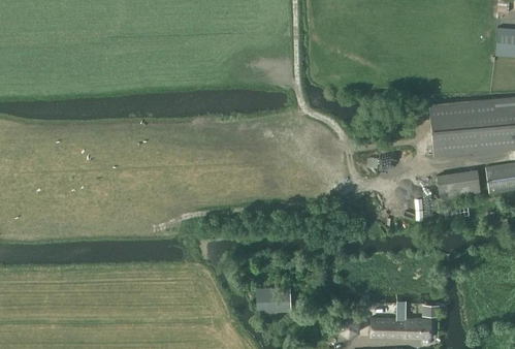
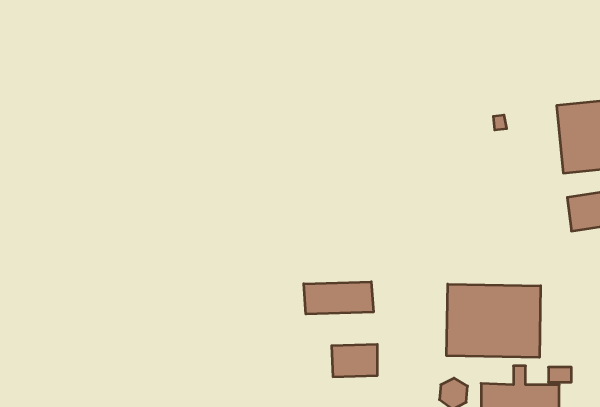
building: none -> [304,282,373,314]
building: none -> [447,284,541,357]

